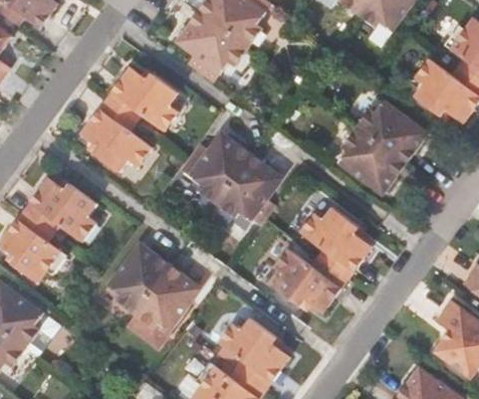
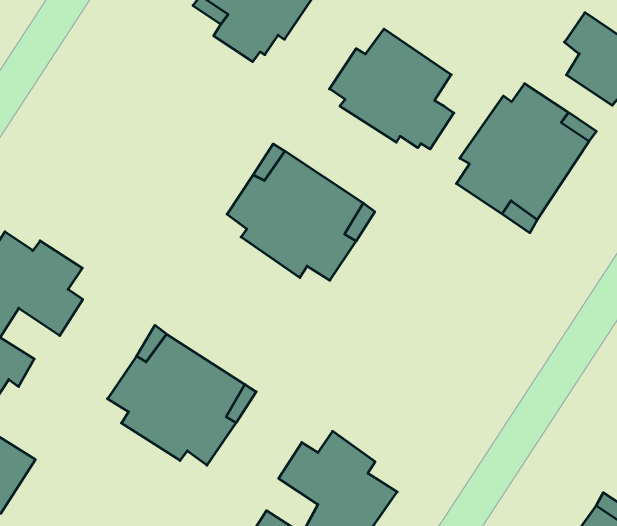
building: none -> [329,29,454,149]
building: [81,64,179,171] -> none
building: [273,205,371,312] -> none

